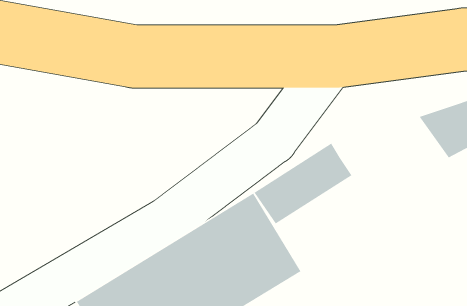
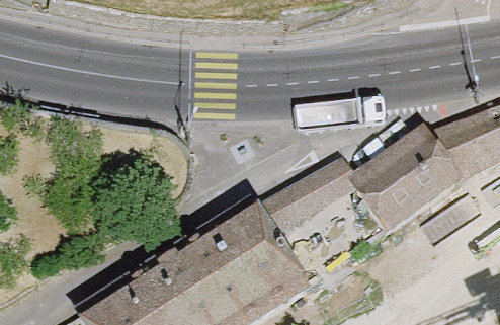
building: none -> [350,120,460,223]

